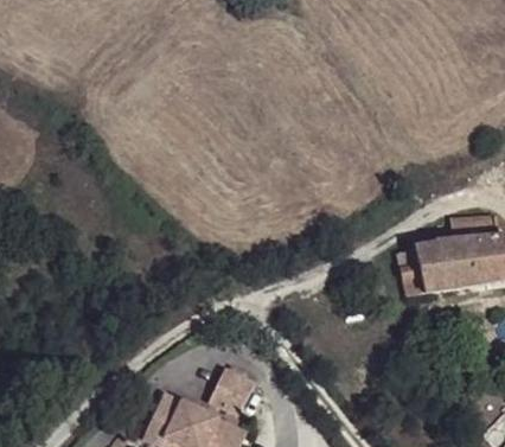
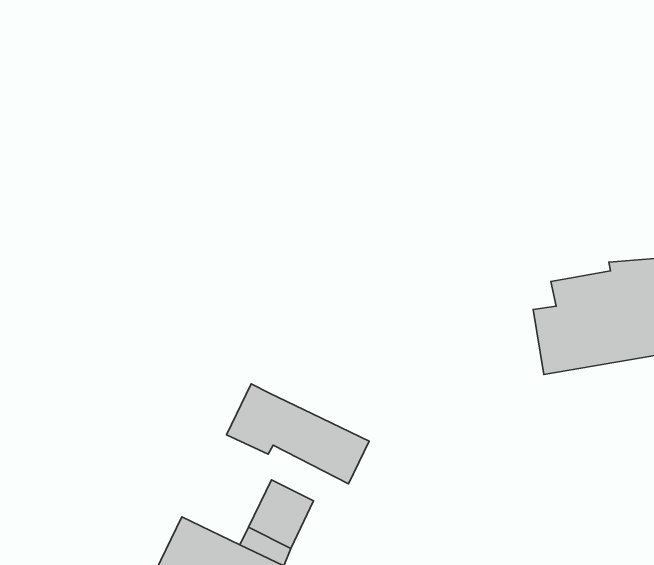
building: none -> [227,384,369,484]

